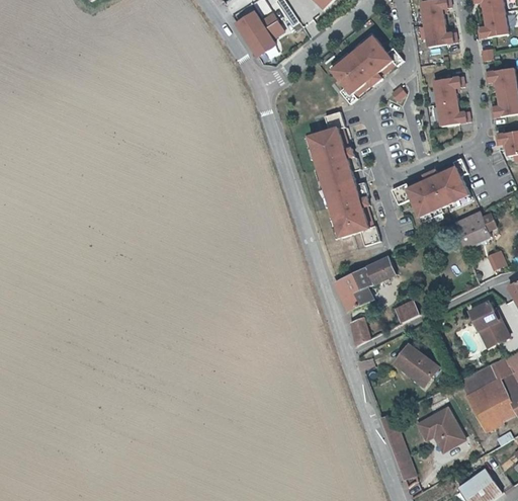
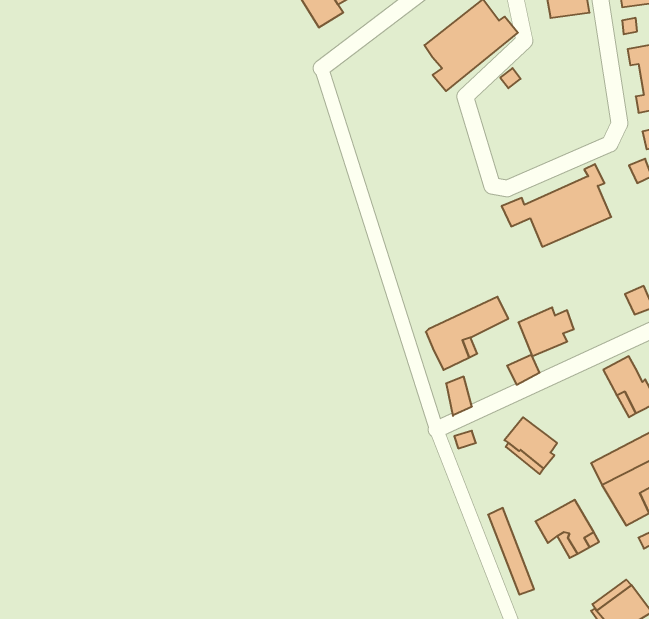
building: [434,75,470,128] -> none
building: [306,111,380,246] -> none
building: [454,211,496,247] -> [518,307,574,356]

